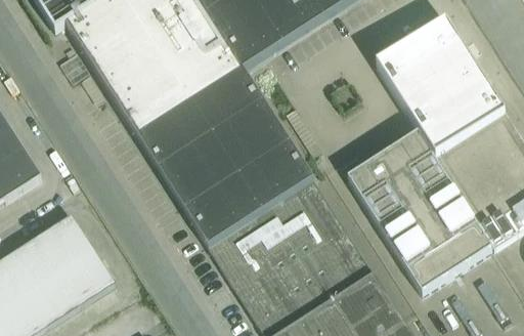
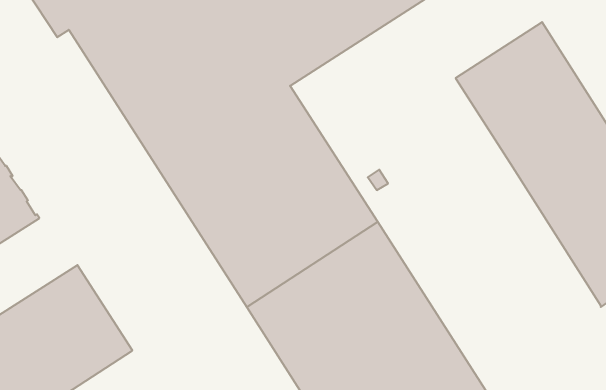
building: [348,132,493,293] -> none

